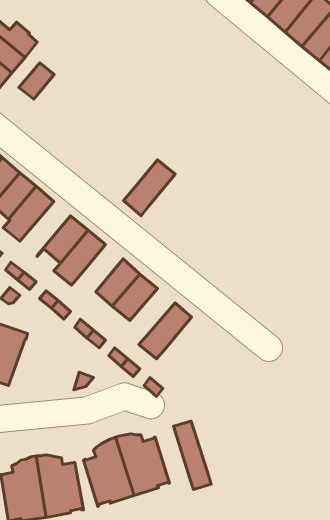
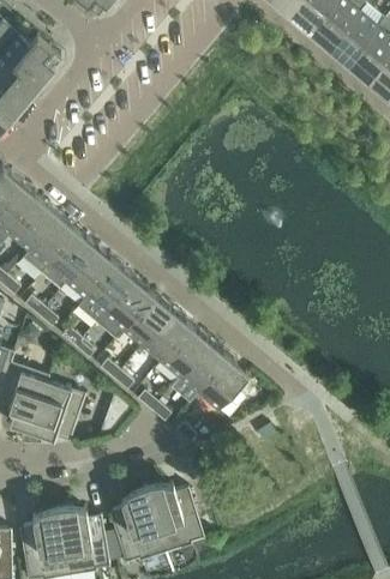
building: [19,63,54,99] -> none
building: [123,160,175,216] -> [96,277,152,338]
building: none -> [40,230,95,289]
building: none -> [160,325,209,375]
building: none -> [197,356,248,408]
building: none -> [28,380,84,440]
building: [173,421,211,489] -> none

